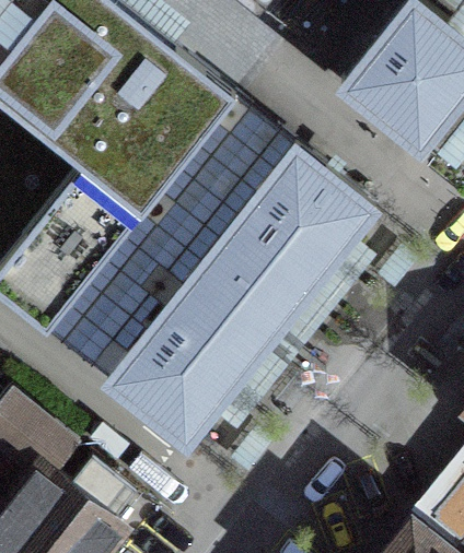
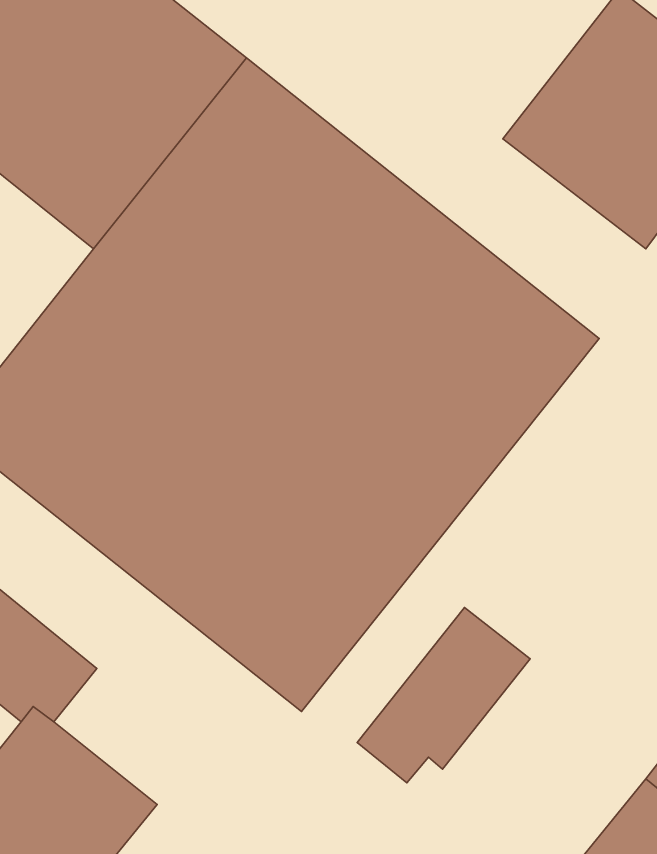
building: none -> [357,608,530,783]

